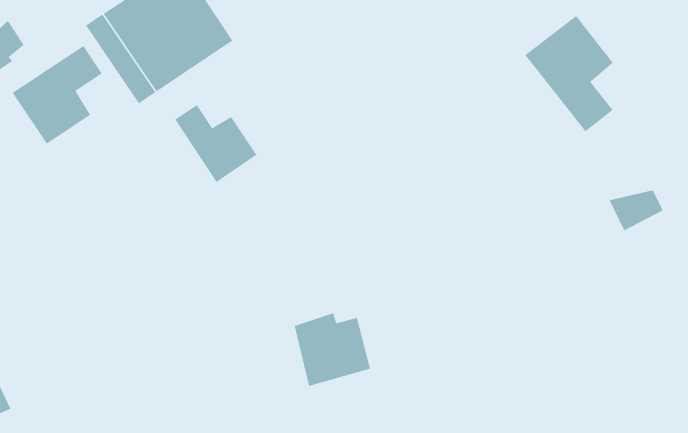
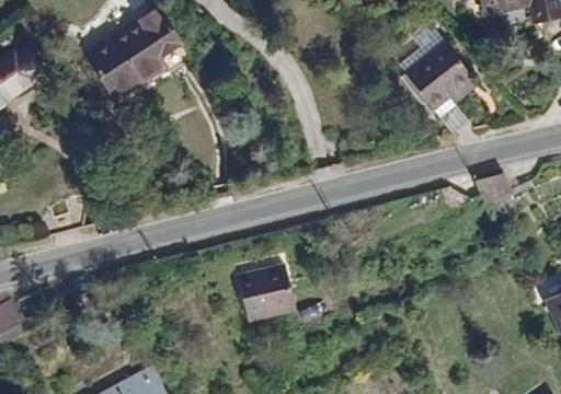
building: [12,45,103,144] -> none
building: [174,104,257,183] -> none

